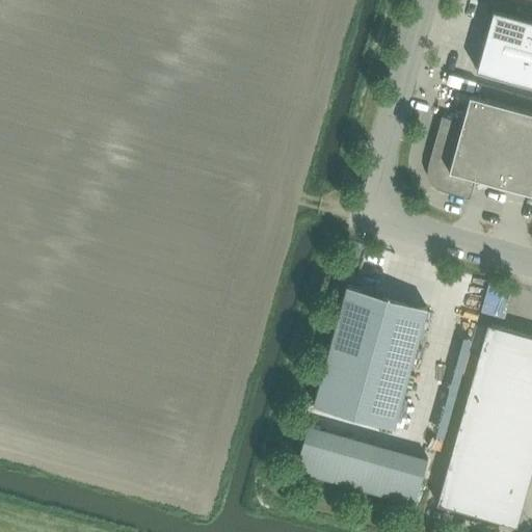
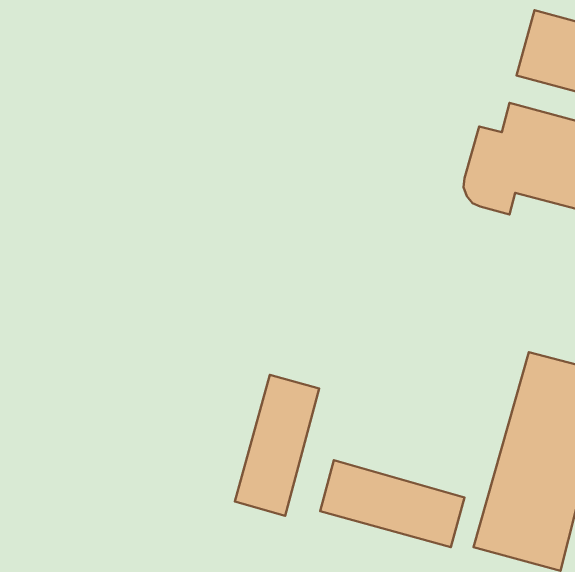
building: [315,288,428,431] -> none
building: none -> [235,375,319,516]

